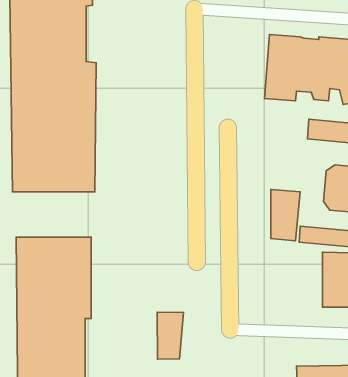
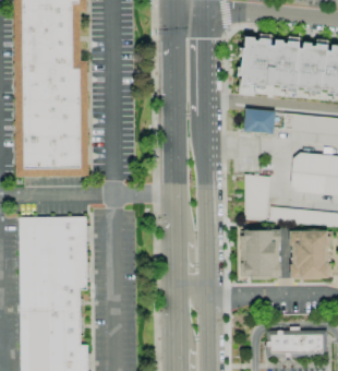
building: none -> [243,109,276,134]
building: none -> [240,229,281,278]
building: [157,312,184,359] -> none

